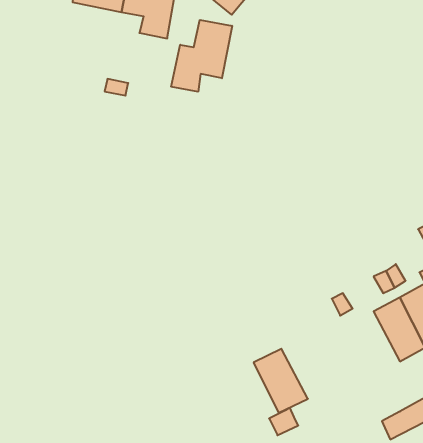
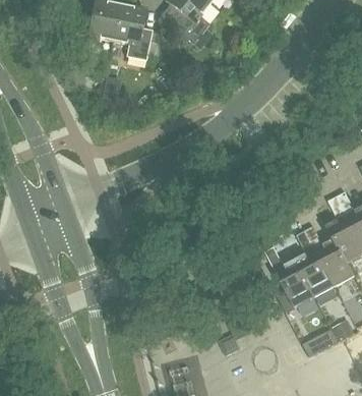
building: [171,20,232,92] -> none
building: [254,349,308,413] -> [276,262,315,308]

